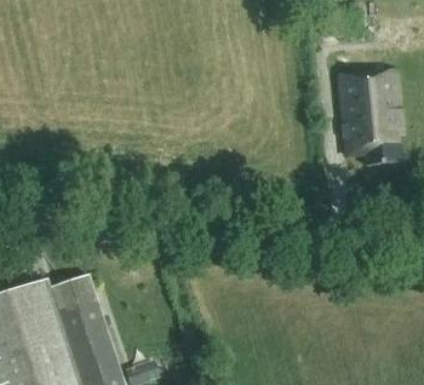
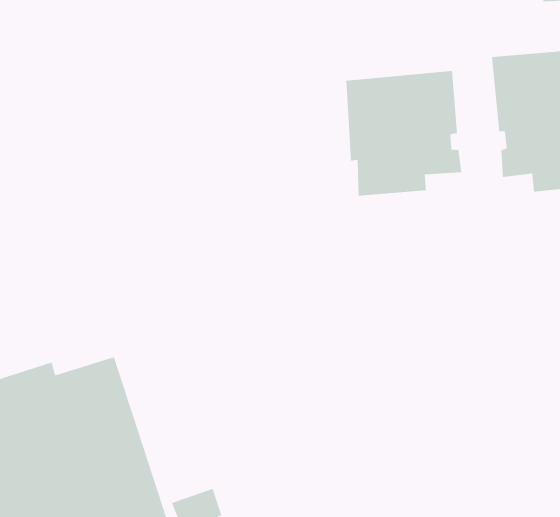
building: none -> [346,70,462,197]

